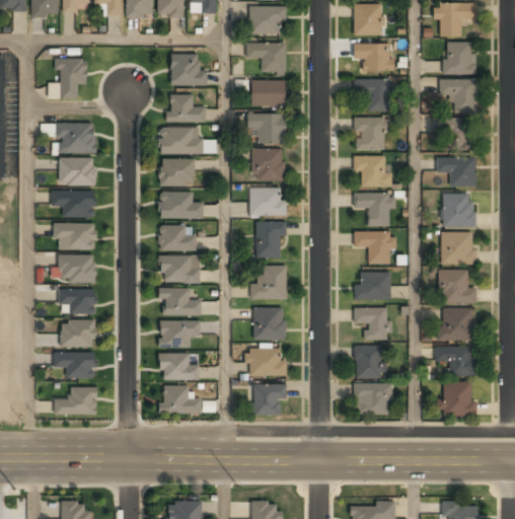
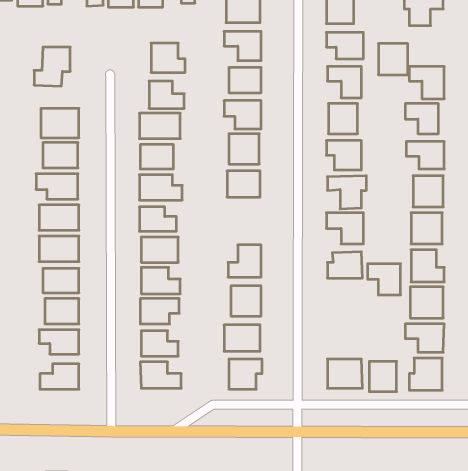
building: [444,42,474,74] -> [378,44,408,75]
building: [255,221,283,256] -> none
building: [354,307,388,340] -> [368,264,401,295]
building: [354,346,382,377] -> [369,361,397,392]

